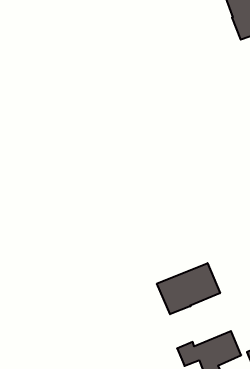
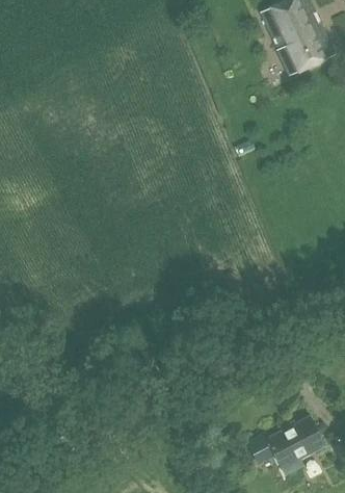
building: [157,263,220,314] -> none

